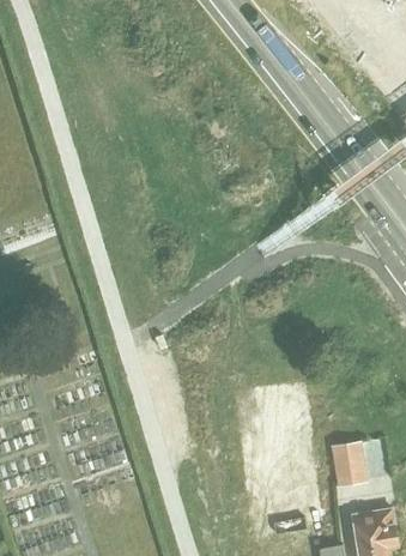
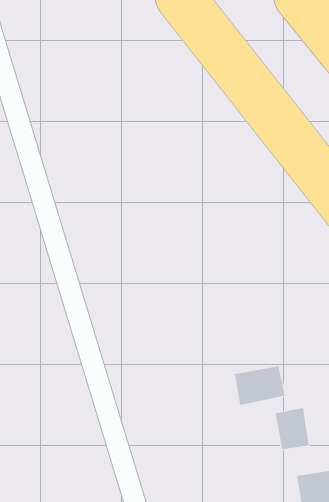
building: none -> [234,365,285,406]

